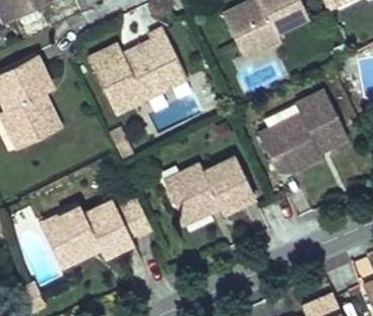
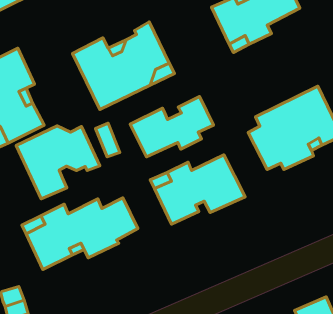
building: none -> [130,96,214,157]
building: none -> [16,126,100,199]

